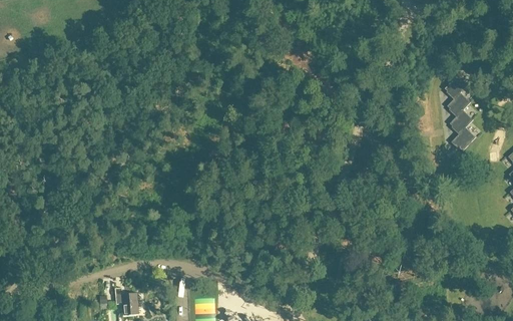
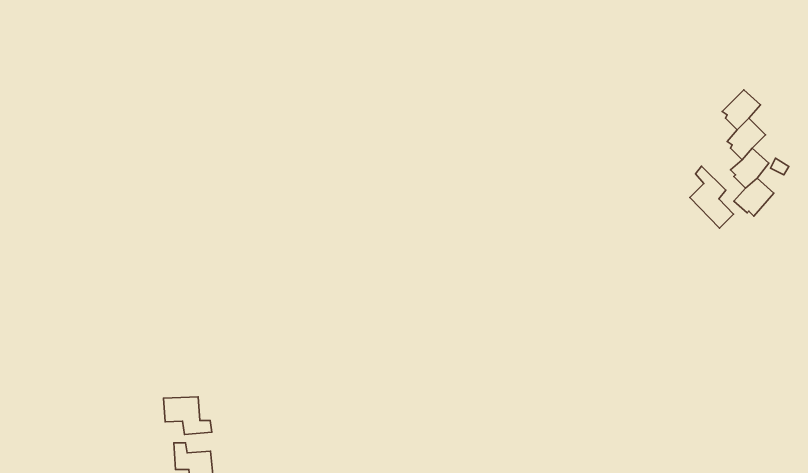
building: none -> [690,166,733,228]
building: none -> [164,397,212,435]

